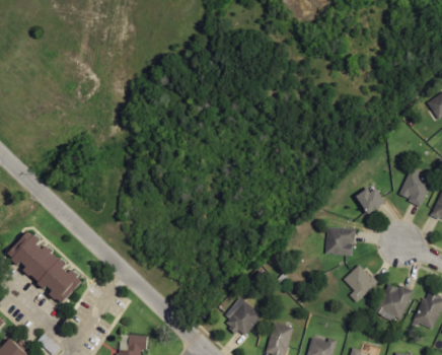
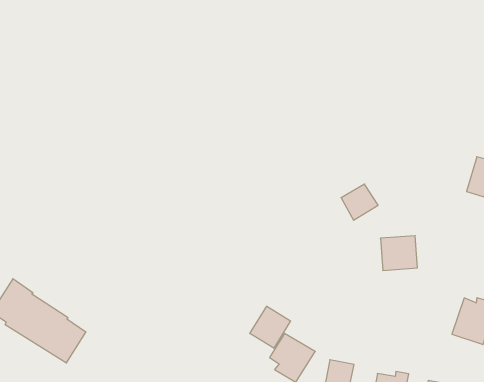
building: [355,186,384,214] -> [341,184,378,220]
building: [344,265,378,303] -> none
building: none -> [250,306,291,348]

